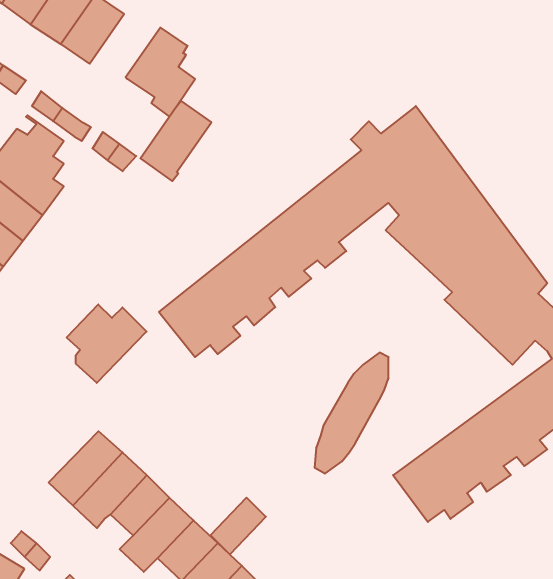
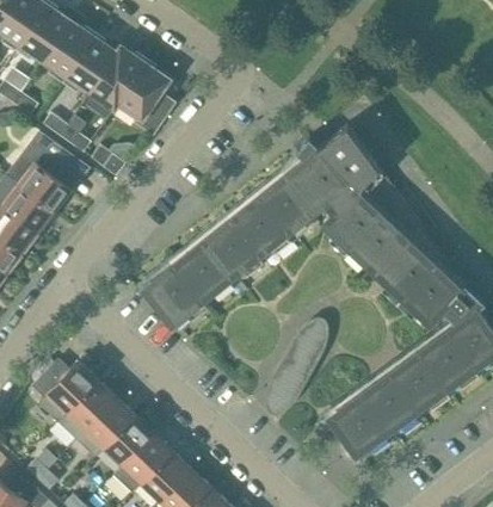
building: [140,101,211,181] -> [90,45,146,109]
building: [67,304,147,383] -> [33,359,97,421]
building: [210,498,266,554] -> none

